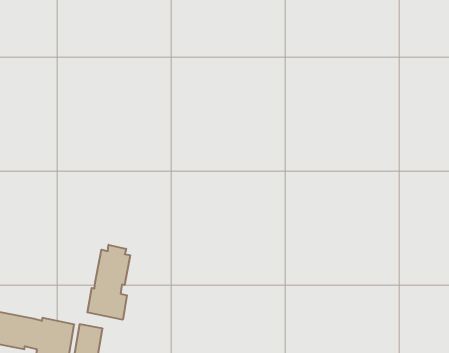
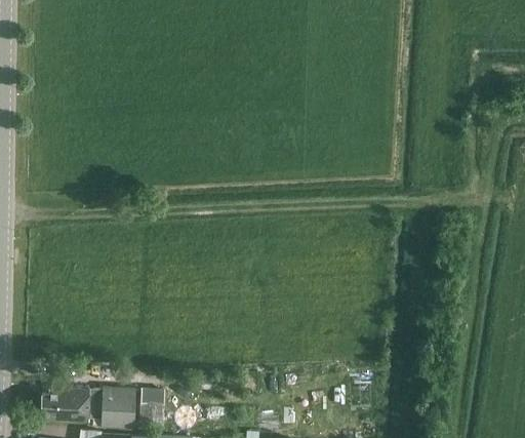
building: [87,245,130,320] -> none

